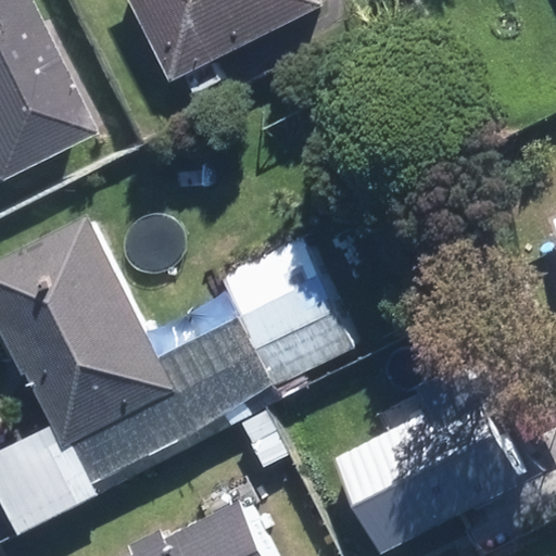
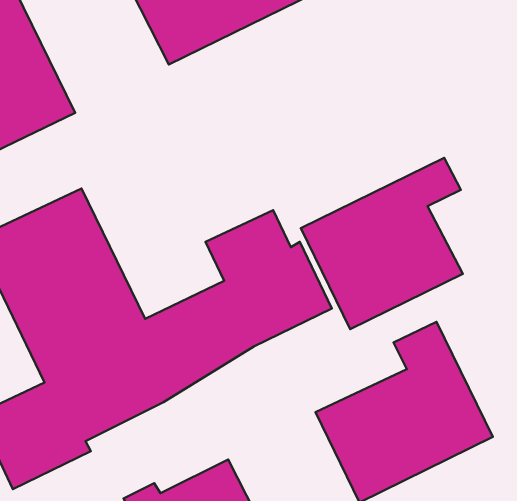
building: none -> [301,158,463,329]

